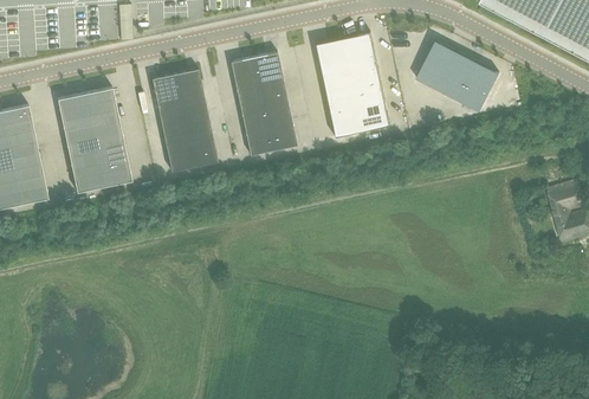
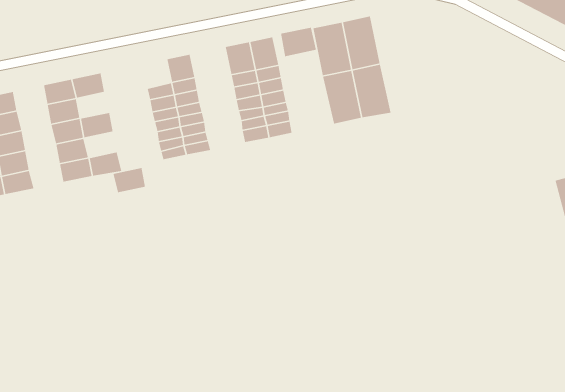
building: [416,40,499,111] -> none
building: none -> [280,27,317,57]
building: [151,73,180,102] -> none
building: [89,105,121,130] -> none
building: [96,143,128,168] -> [112,167,146,193]

